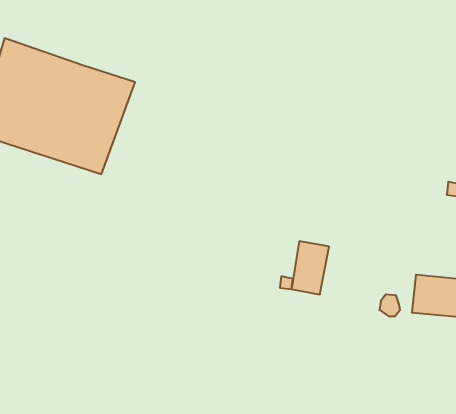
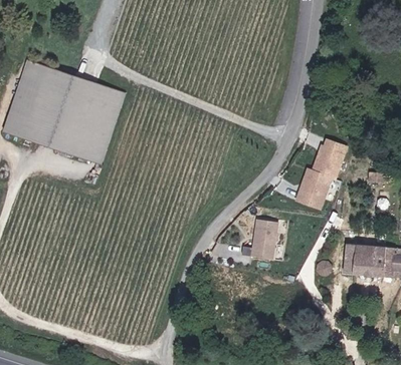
building: none -> [293,135,347,209]

